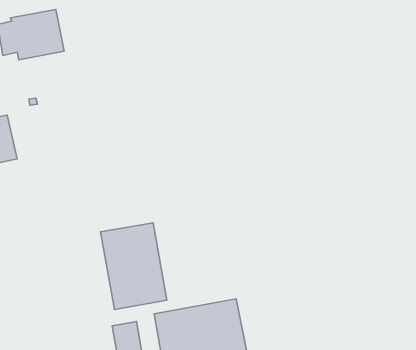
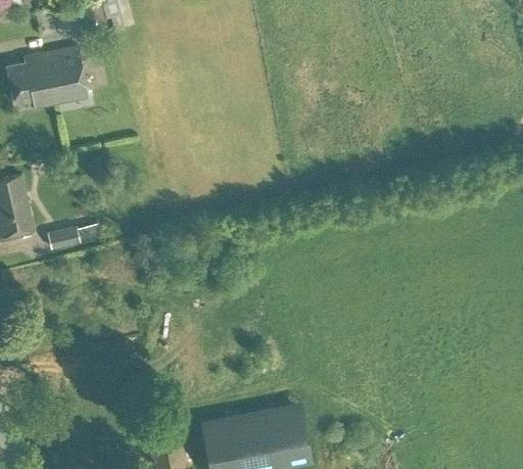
building: none -> [47,224,99,249]
building: [100,223,167,310] -> none

